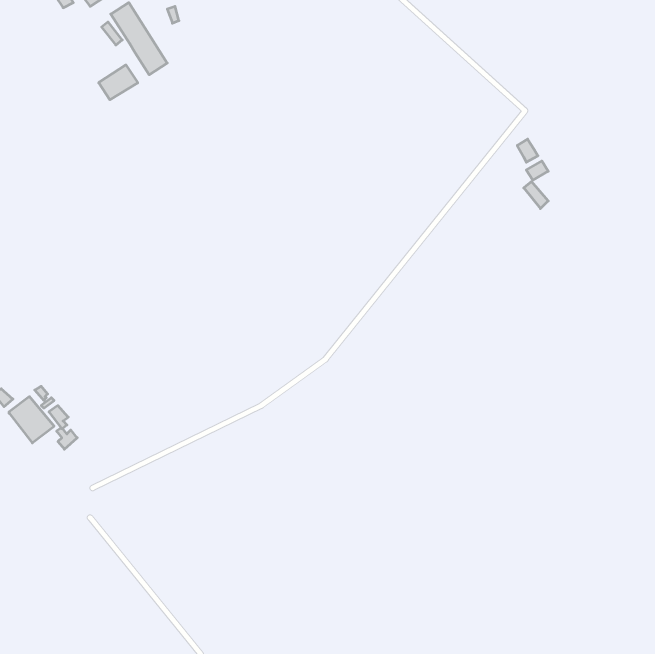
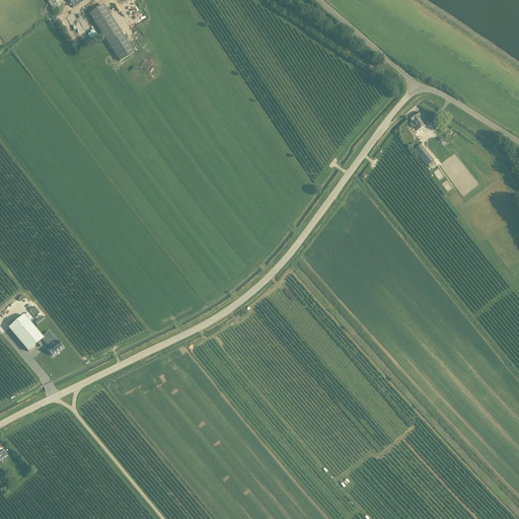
building: [99,65,138,100] -> none

